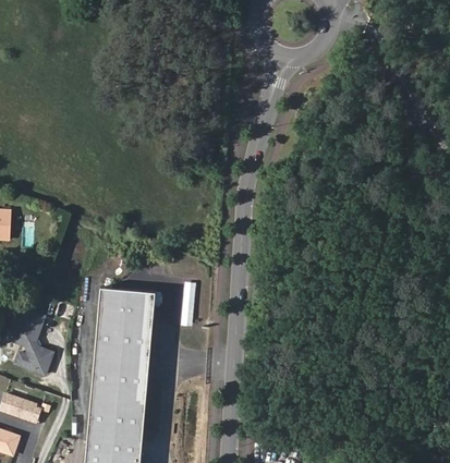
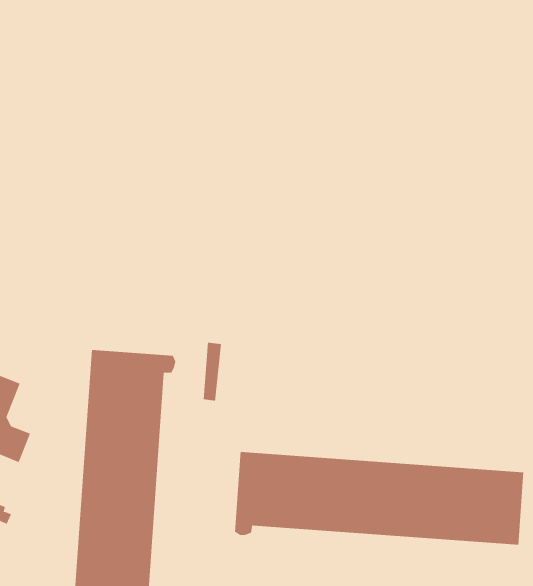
building: none -> [234,451,524,546]

